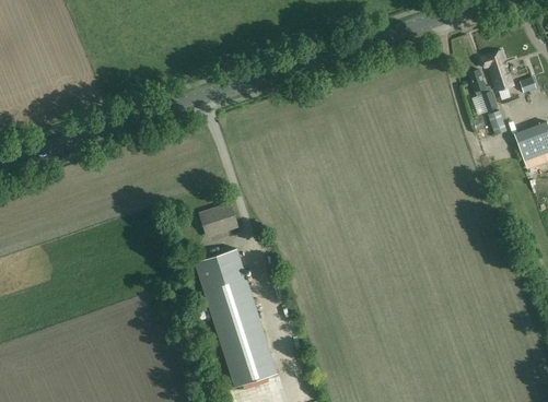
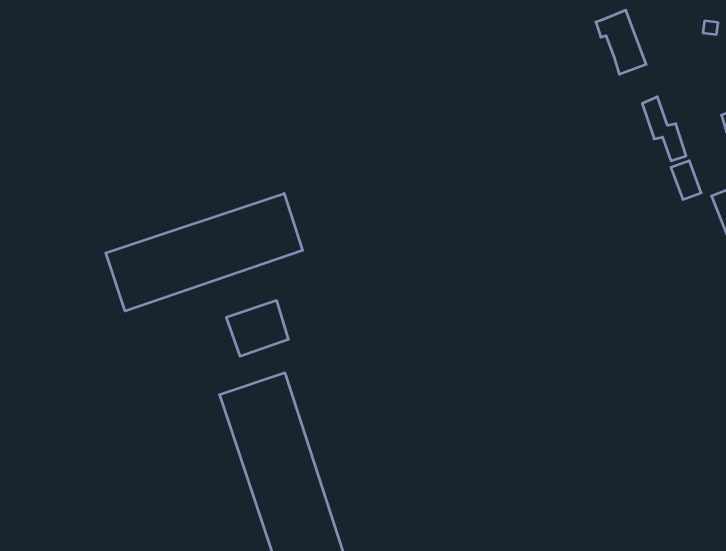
building: [481,51,514,93] -> [596,10,646,74]
building: none -> [106,193,303,311]

